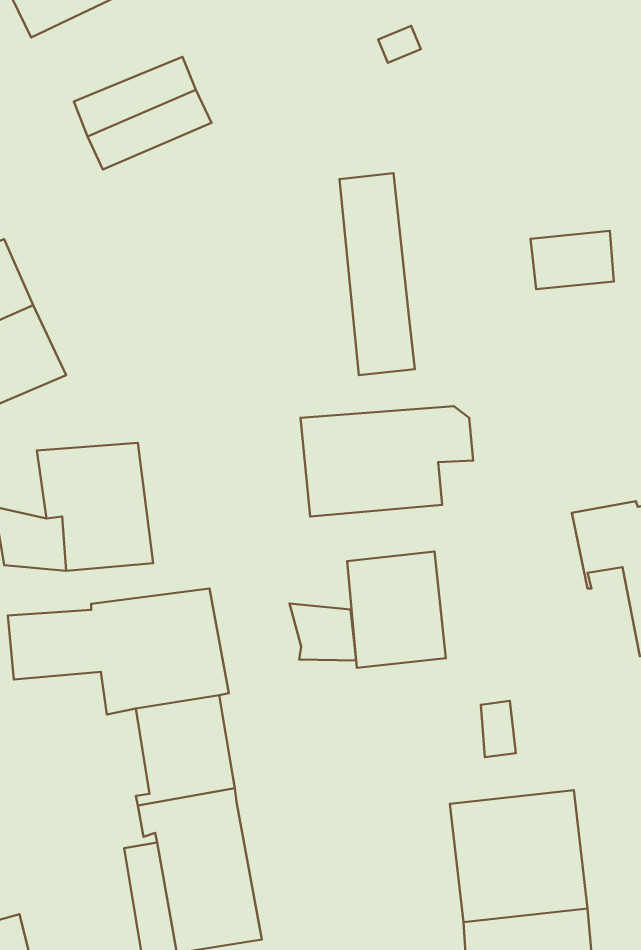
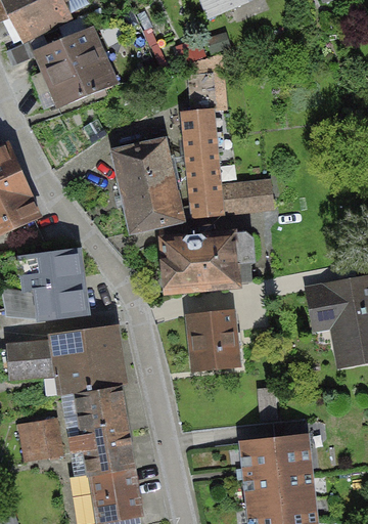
building: none -> [34,28,100,73]
building: none -> [113,140,182,232]
building: [530,231,614,289] -> [220,183,264,214]
building: [289,604,356,661] -> none
building: none -> [20,416,62,458]

